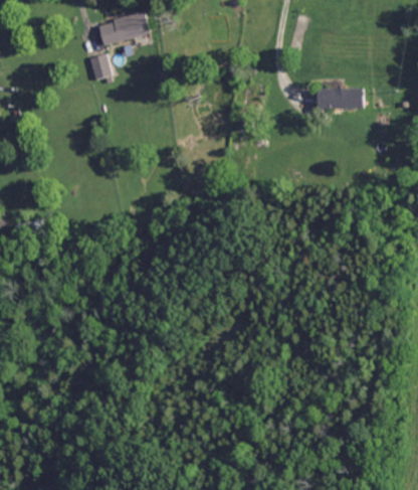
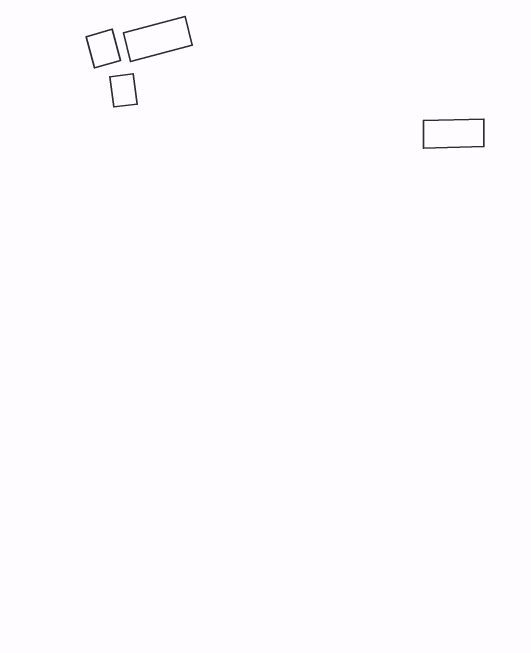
building: none -> [86,29,120,68]

